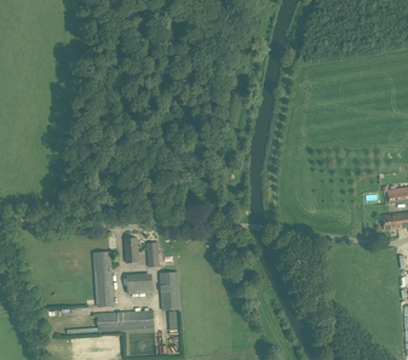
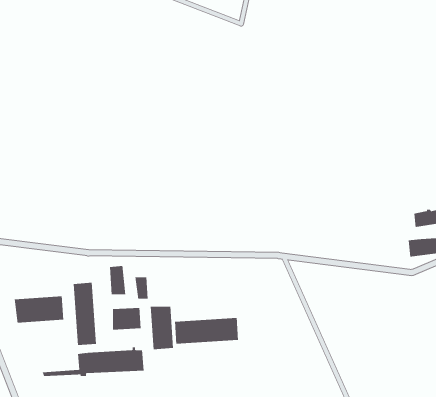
building: none -> [14,296,64,323]
building: none -> [174,317,238,345]

